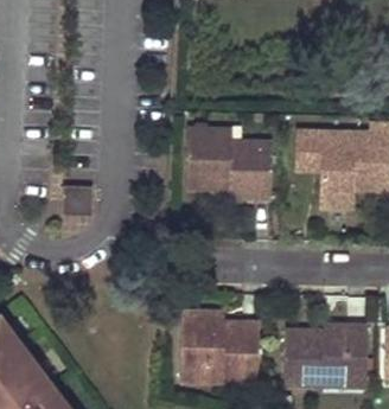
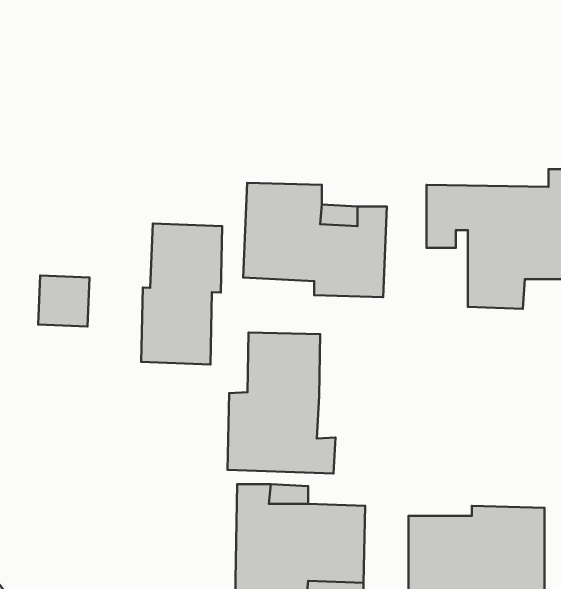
building: none -> [141,223,222,365]
building: none -> [227,332,335,474]

